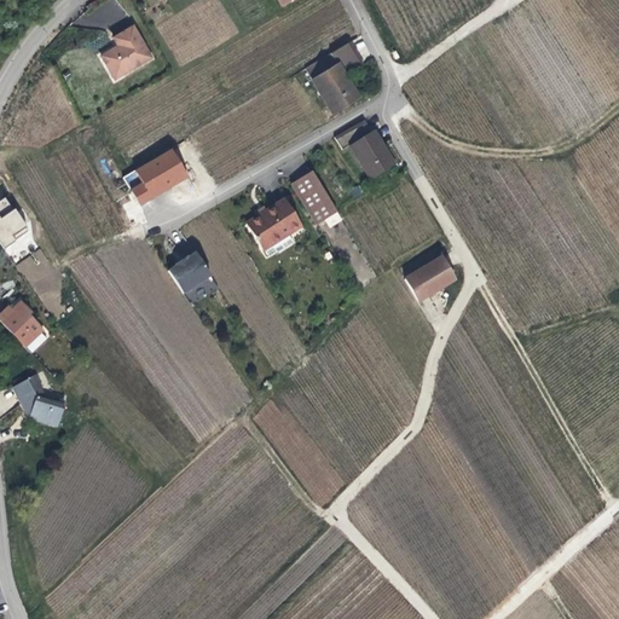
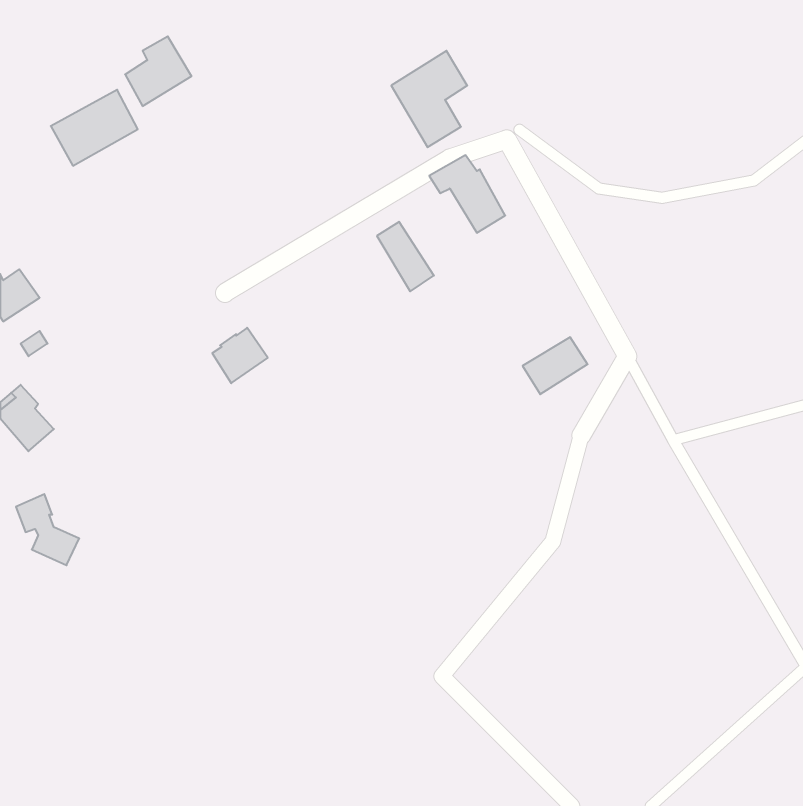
building: [128,145,195,203] -> [51,90,138,166]
building: [245,198,301,254] -> none

